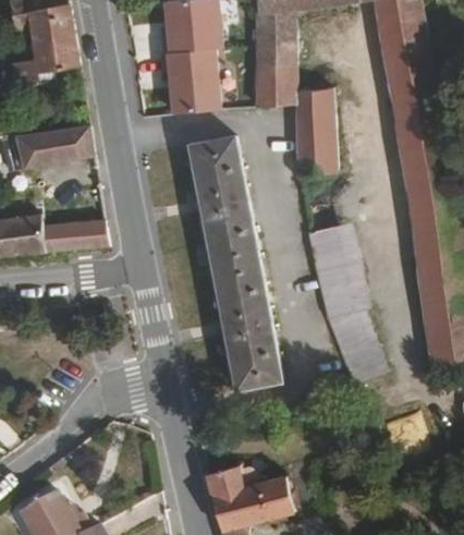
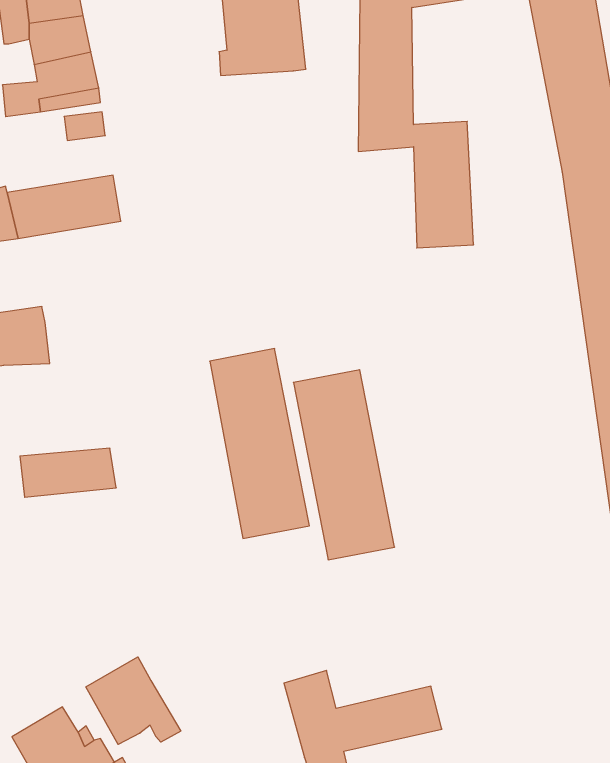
building: [160,51,217,114] -> none
building: [190,135,258,266] -> [210,349,309,538]
building: [41,219,108,253] -> [20,448,116,497]
building: [308,226,379,381] -> none
building: none -> [86,657,181,744]

